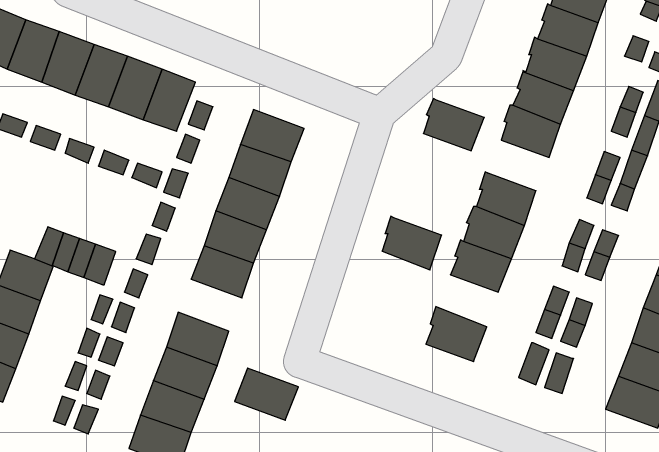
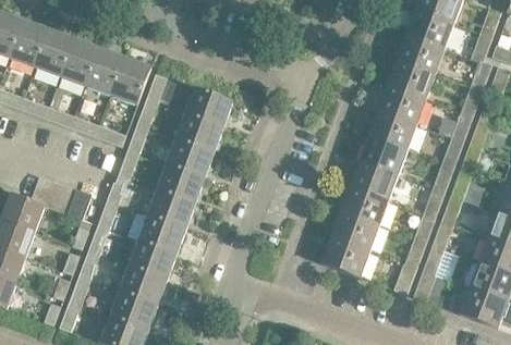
building: [423,99,484,151] -> [370,109,416,148]
building: [382,216,442,270] -> [333,210,378,250]
building: [235,368,298,420] -> [137,214,185,254]

